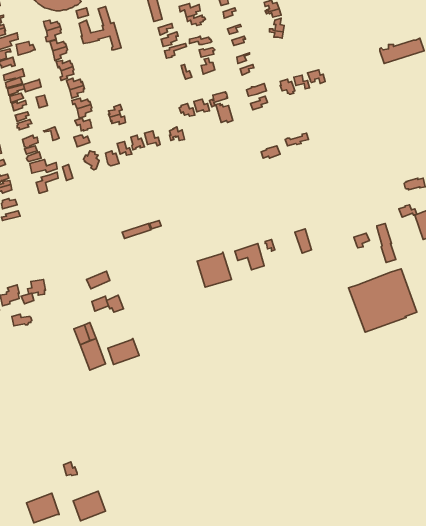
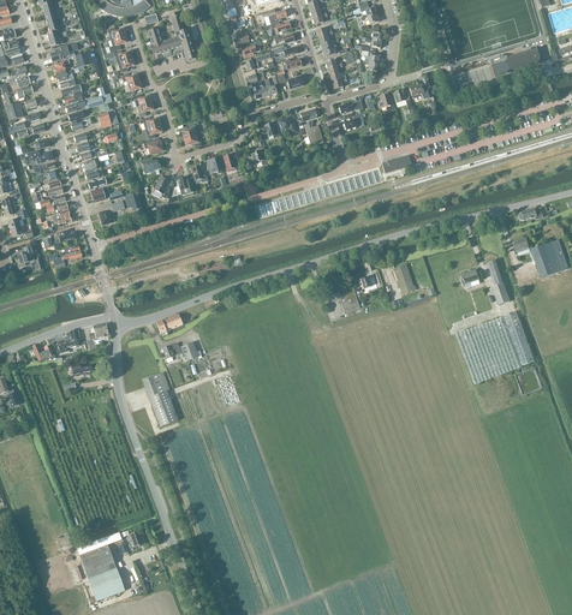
building: [197,252,232,287] -> none
building: [108,339,139,364] -> none
building: [73,491,106,521] -> [79,544,117,578]

